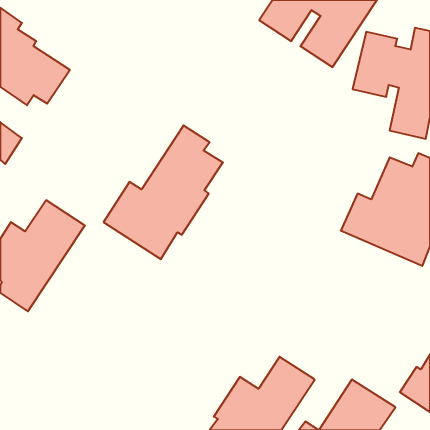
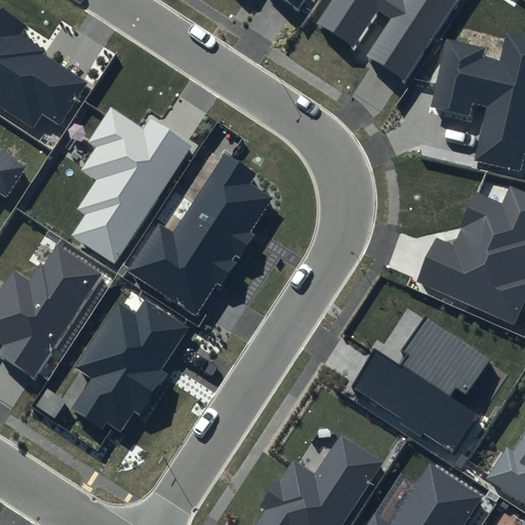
building: none -> [72,108,192,262]
building: none -> [69,298,190,431]
building: none -> [352,318,490,451]

